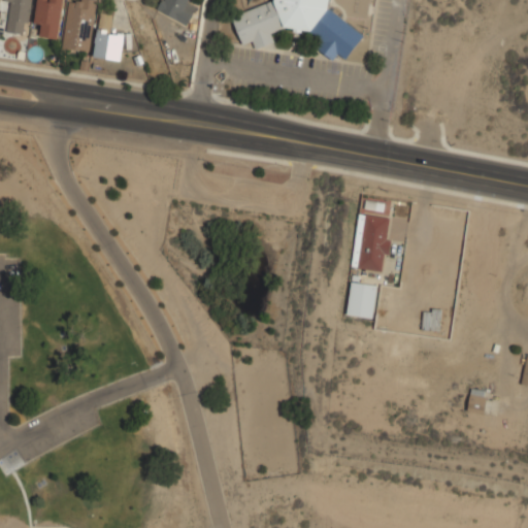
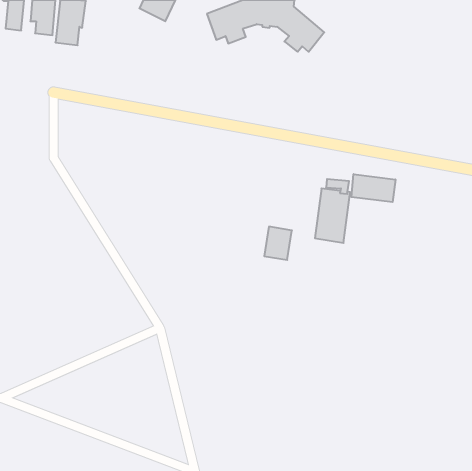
building: [93,13,125,62] -> none
building: none -> [351,174,395,202]
building: [346,282,377,319] -> [264,227,292,260]
building: [467,388,488,414] -> none

